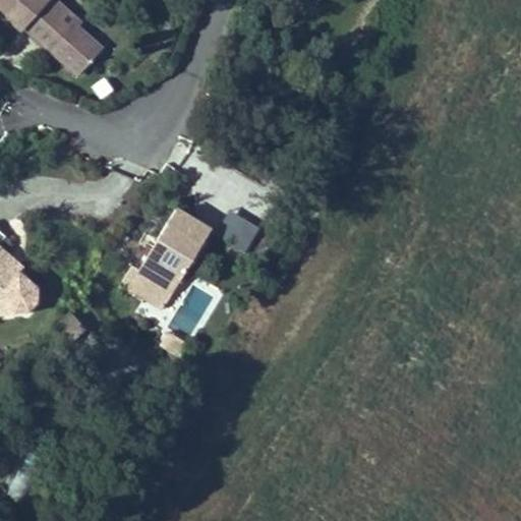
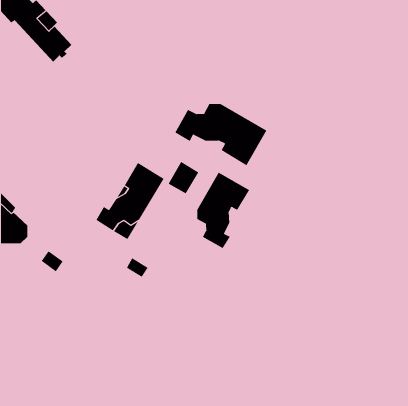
building: none -> [175,103,267,166]
building: none -> [197,172,250,249]

